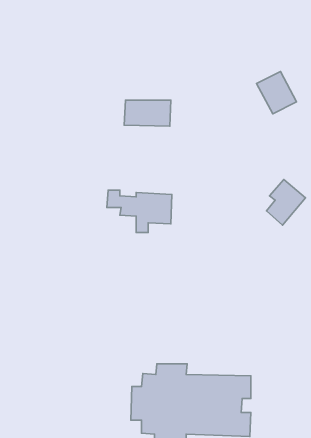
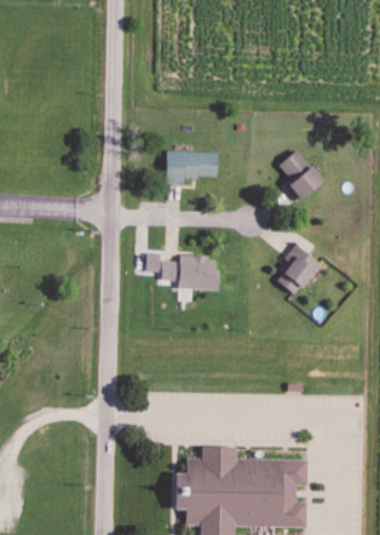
building: [257,72,297,114] -> [276,151,321,199]
building: [266,179,305,225] -> [276,245,319,295]

